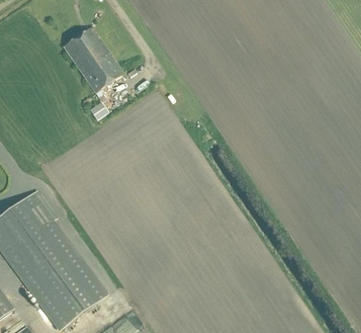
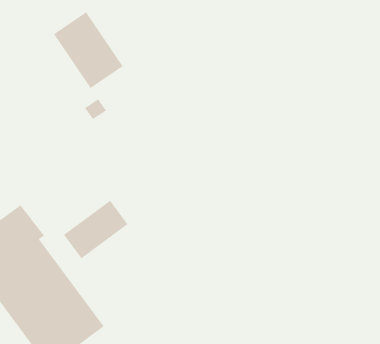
building: none -> [63,200,128,259]

